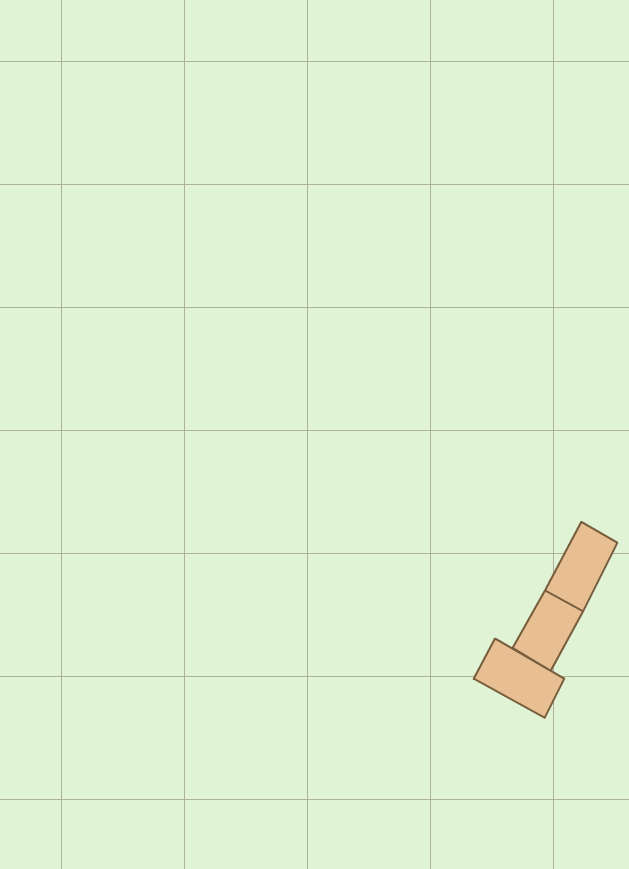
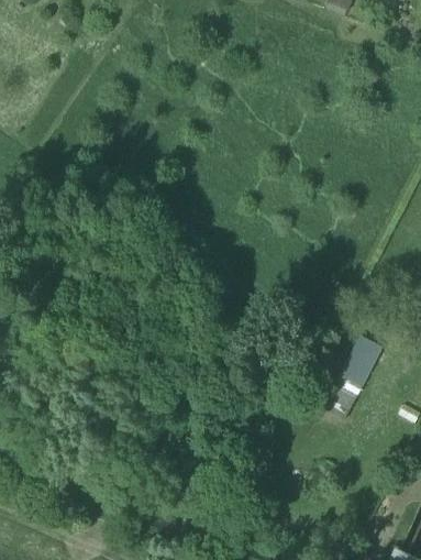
building: [474,639,564,718] -> none

